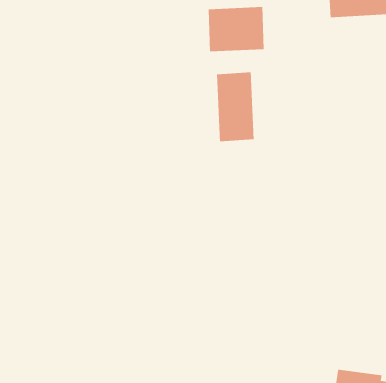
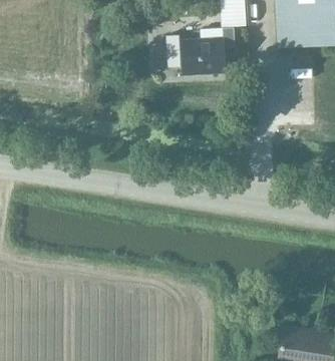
building: [216,71,254,142] -> none

